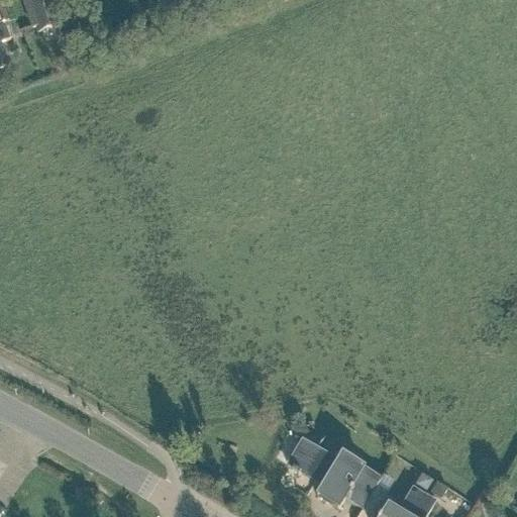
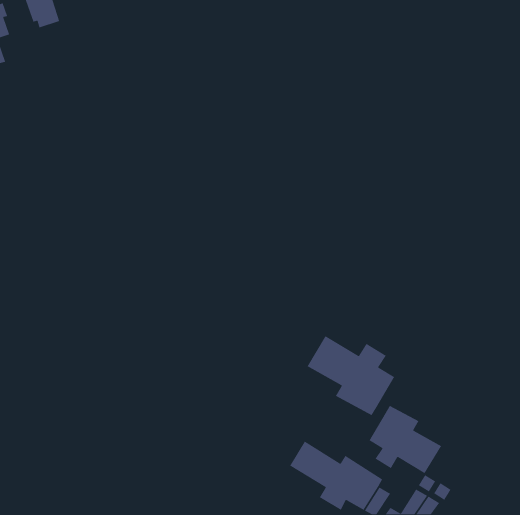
building: none -> [307,335,395,416]
building: none -> [369,405,442,474]

